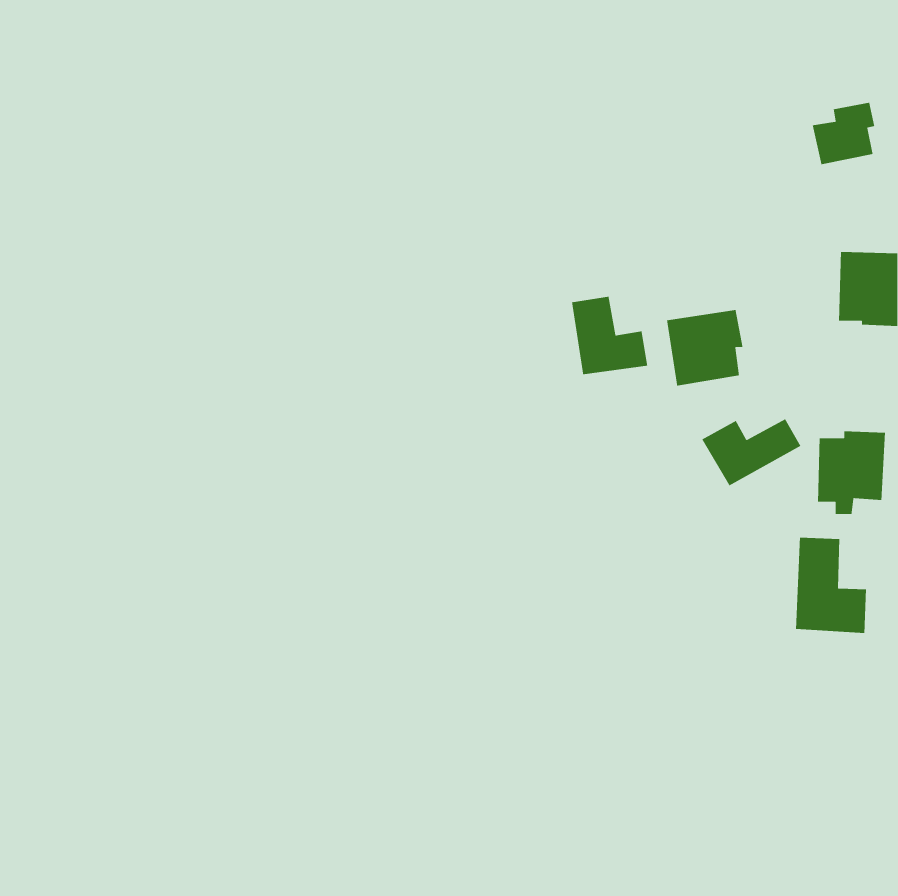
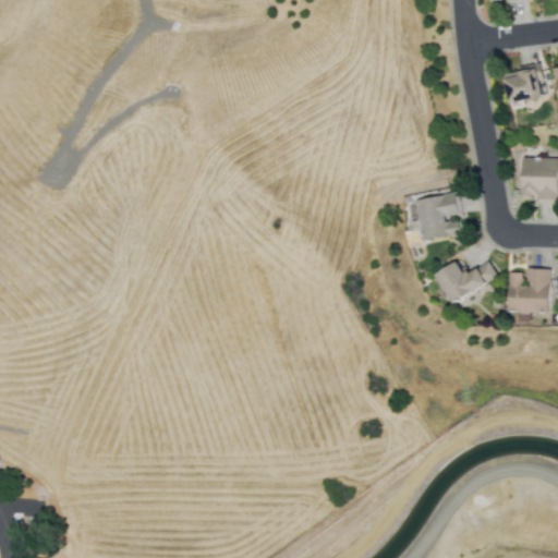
building: [571,296,648,375] -> none
building: [795,537,867,634] -> none

